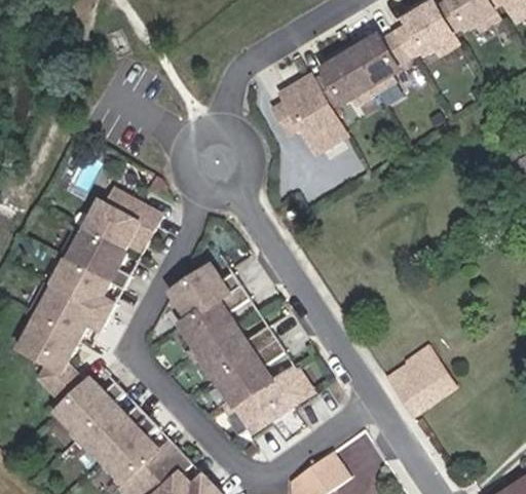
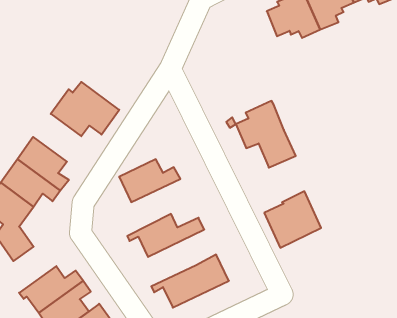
building: [272,77,345,153] -> [236,101,296,168]
building: [67,231,128,289] -> none
building: [180,284,249,357] -> none
building: [216,338,285,411] -> none
building: [384,346,451,414] -> [264,191,321,248]
building: [55,379,124,439] -> none

